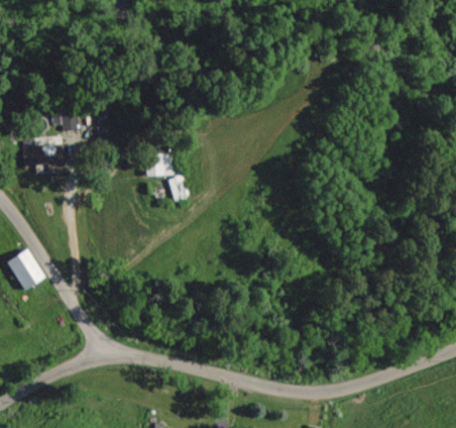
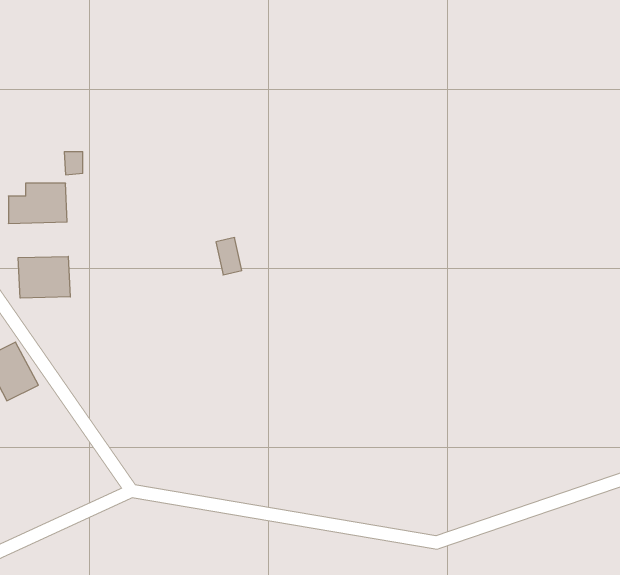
building: [146,154,174,176] -> none
building: none -> [18,256,70,298]

